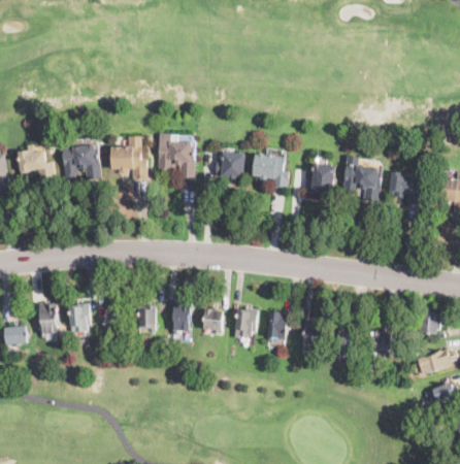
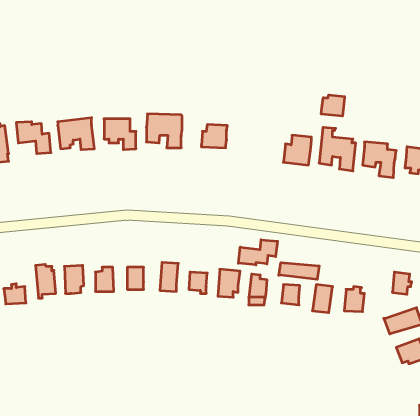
building: none -> [321,95,345,116]
building: [253,153,289,190] -> none
building: none -> [238,240,278,265]
building: none -> [279,263,319,279]

